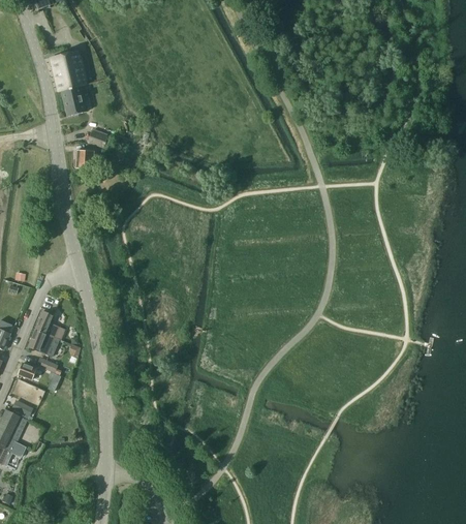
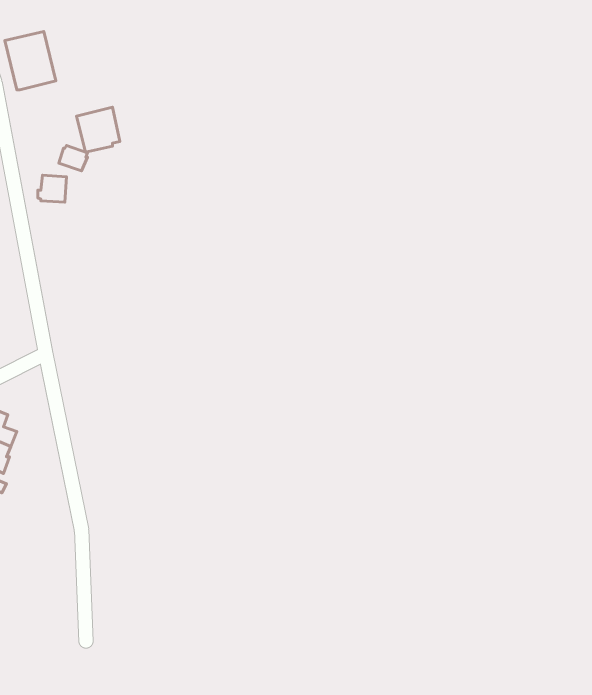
building: [62,85,92,116] -> [76,107,120,152]

